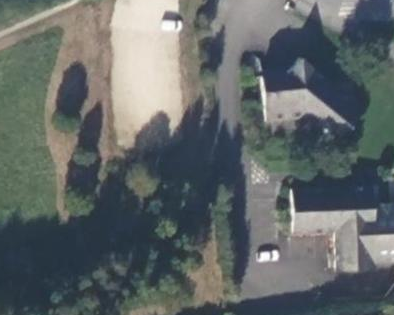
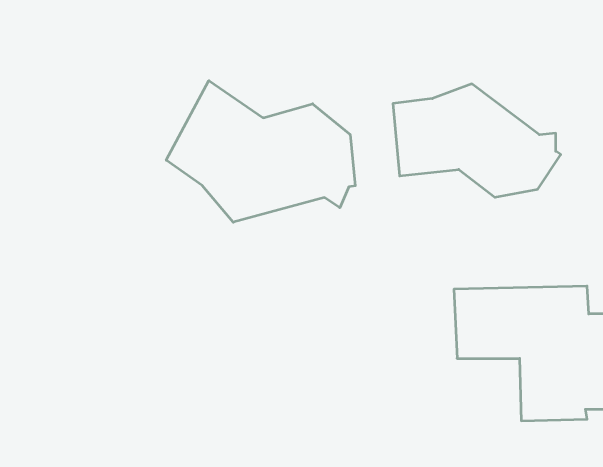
building: none -> [166,81,355,222]

